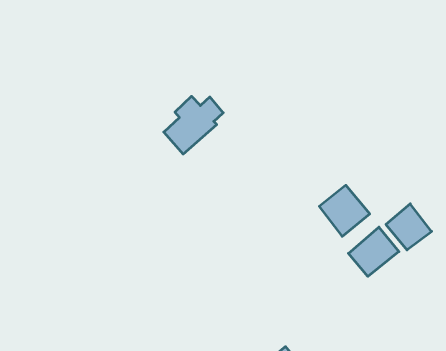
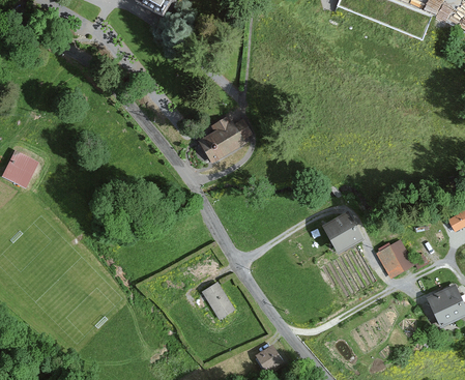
building: [348,227,399,276] -> none
building: none -> [200,281,236,320]

